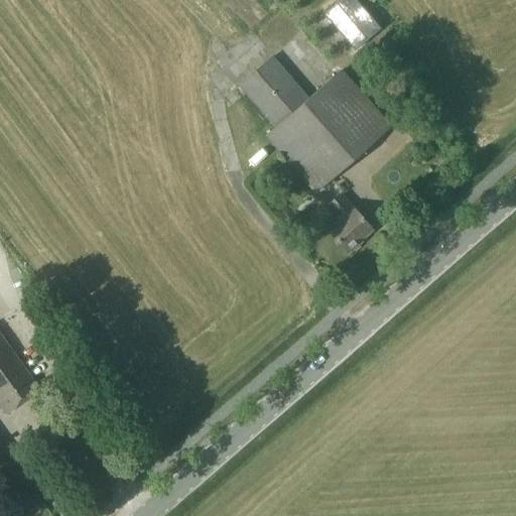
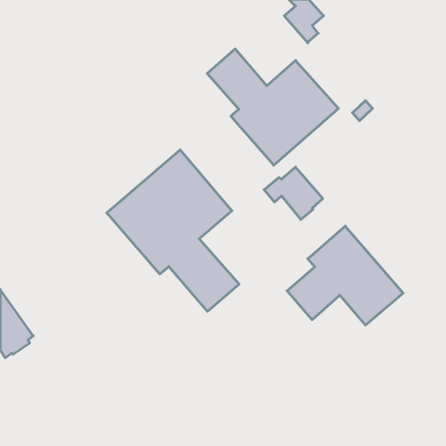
building: none -> [107,150,239,311]
building: none -> [287,226,403,325]

